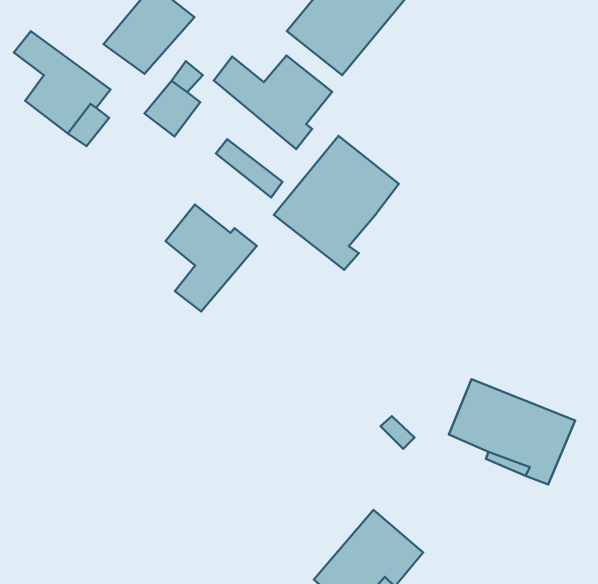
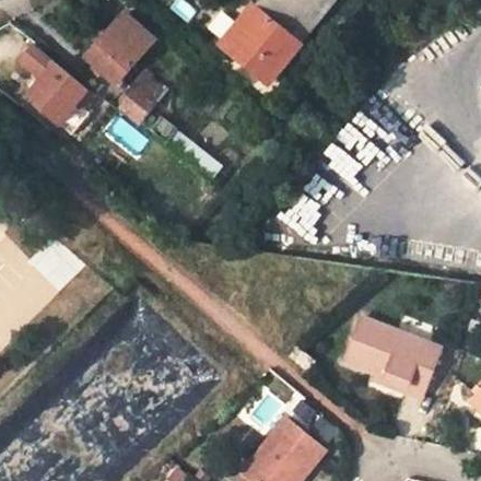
building: [214,55,332,149] -> none
building: [274,136,399,270] -> none
building: [166,204,257,311] -> none

